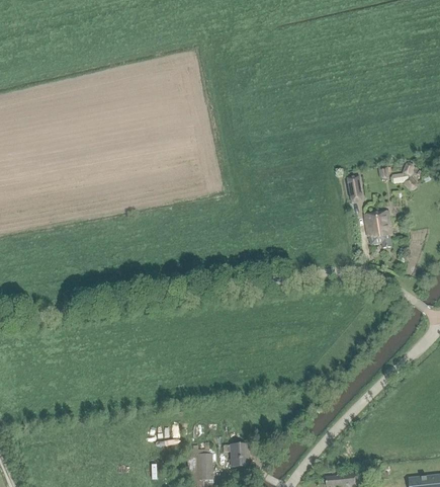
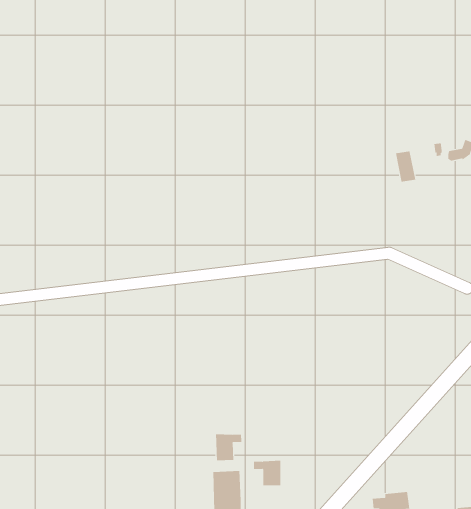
building: [365,210,392,246] -> none
building: none -> [215,434,242,461]

